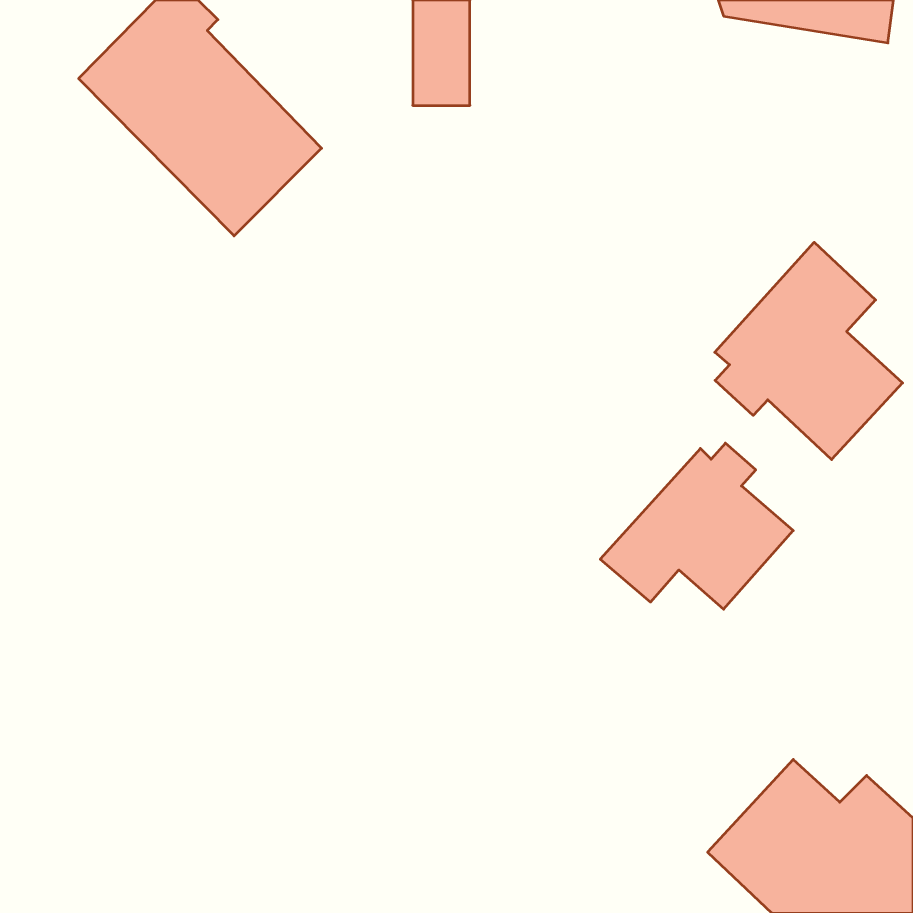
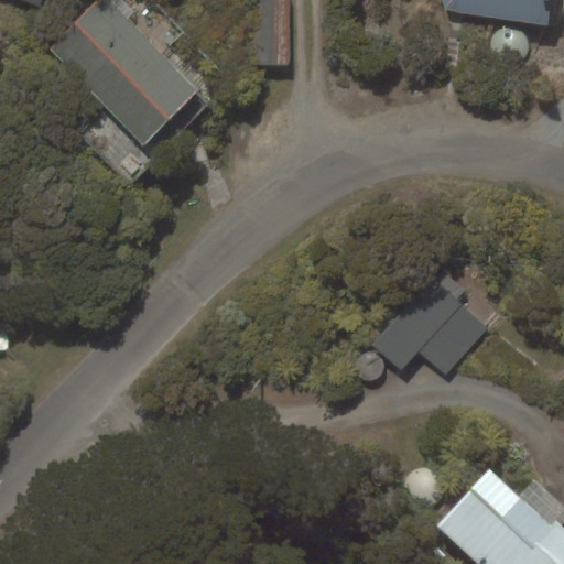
building: [715,242,903,460] -> none

